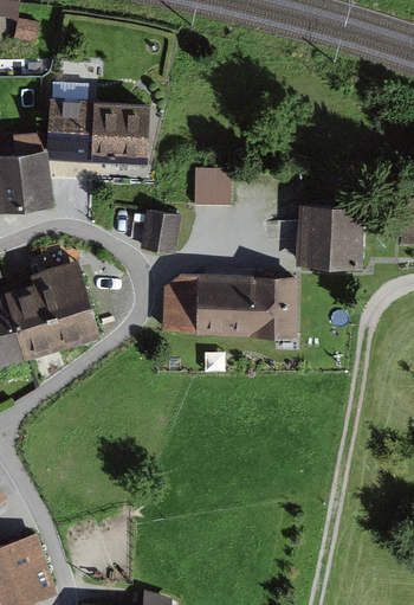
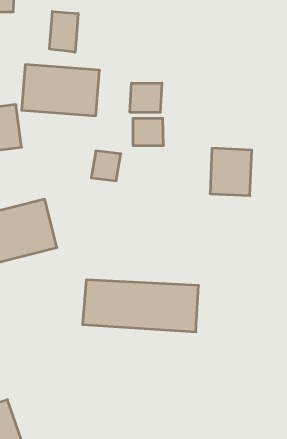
building: none -> [50,11,78,52]
building: none -> [130,83,162,112]
building: [160,275,308,341] -> [83,280,199,332]

